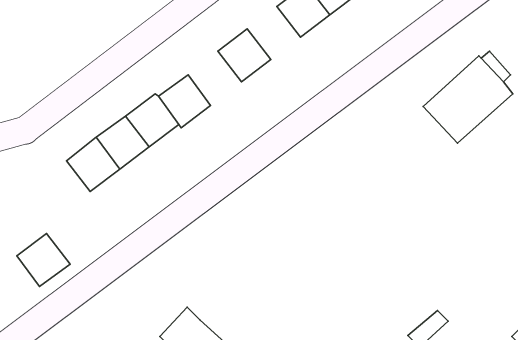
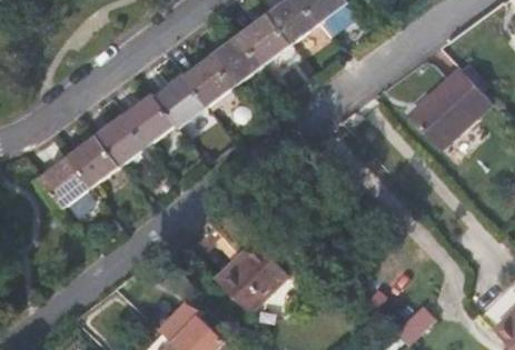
building: none -> [239,14,289,64]
building: none -> [184,57,234,108]
building: [17,233,70,287] -> [41,160,91,210]
building: none -> [208,240,281,307]

